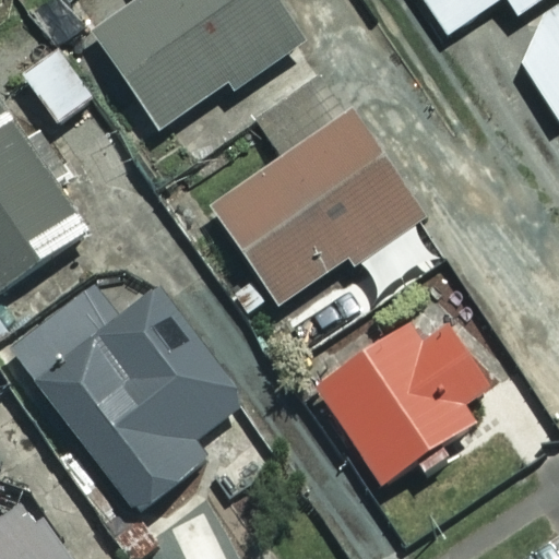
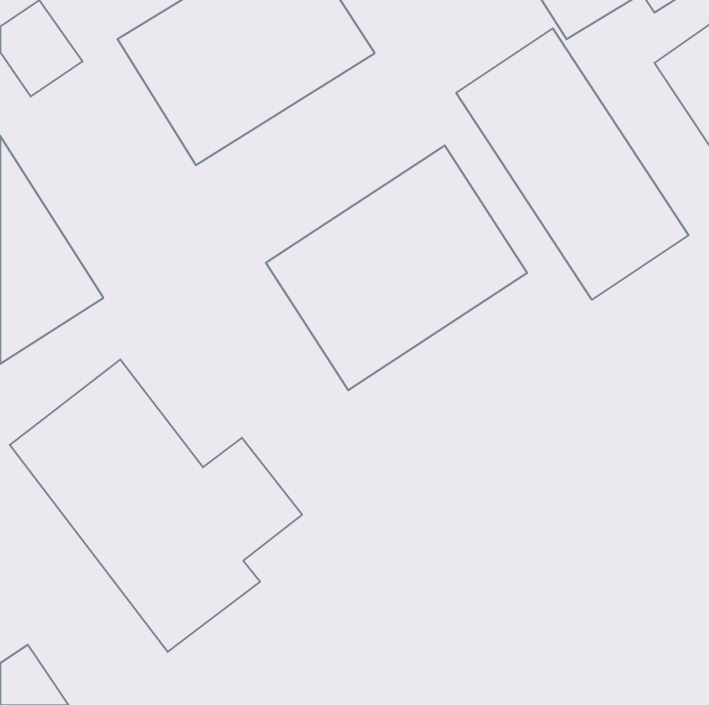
building: none -> [456,28,689,300]
building: [316,304,488,483] -> none

